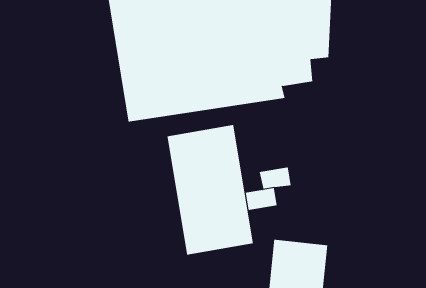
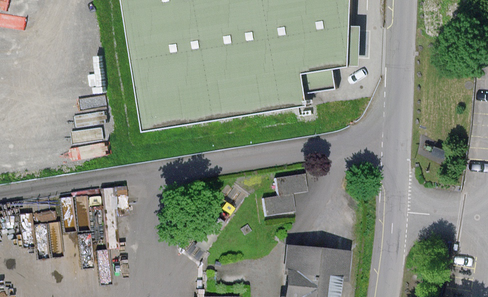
building: [167,124,253,255] -> none

